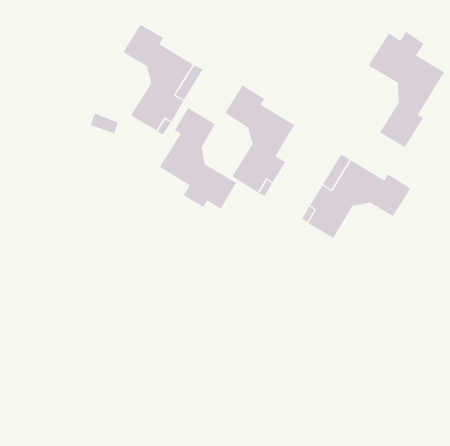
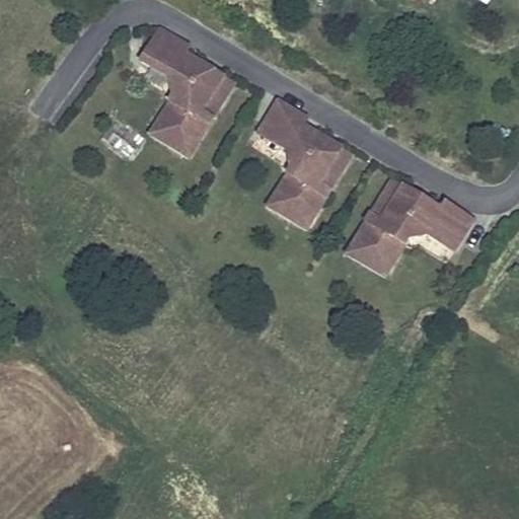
building: [368,31,445,148] -> none
building: [159,107,237,210] -> none

